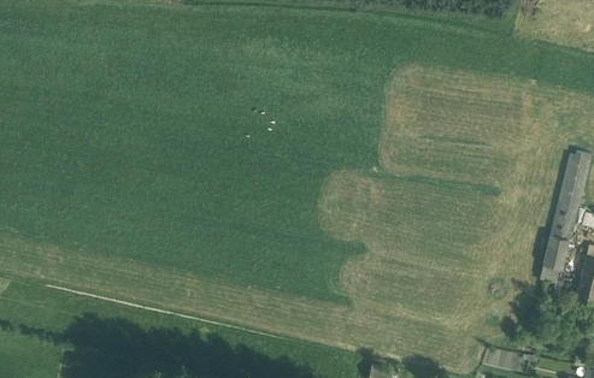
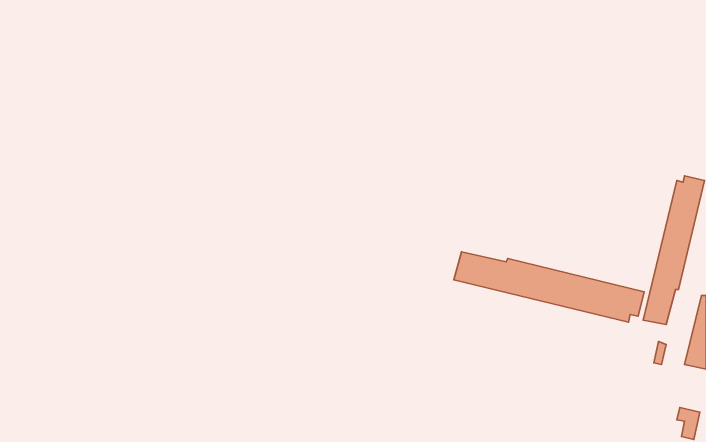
building: none -> [454,252,644,322]

